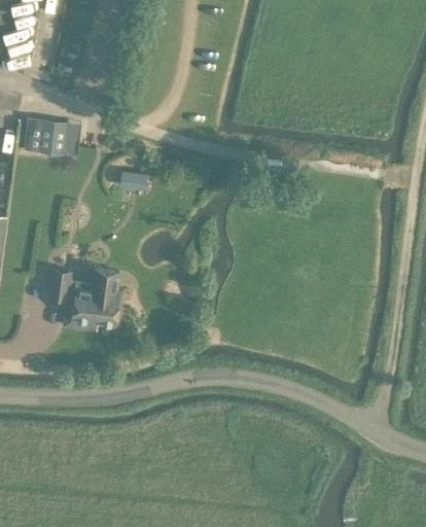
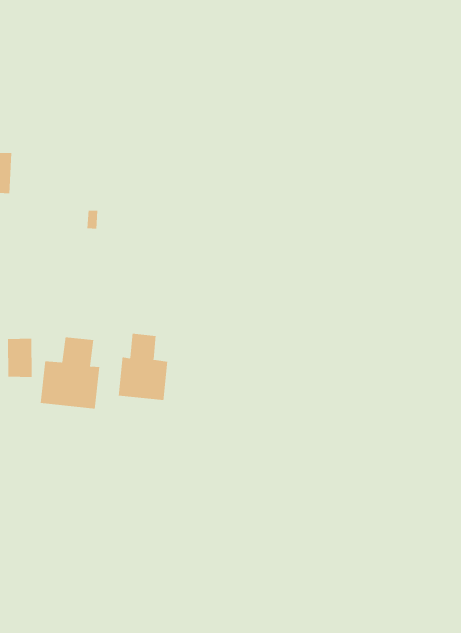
building: none -> [118,333,168,401]

